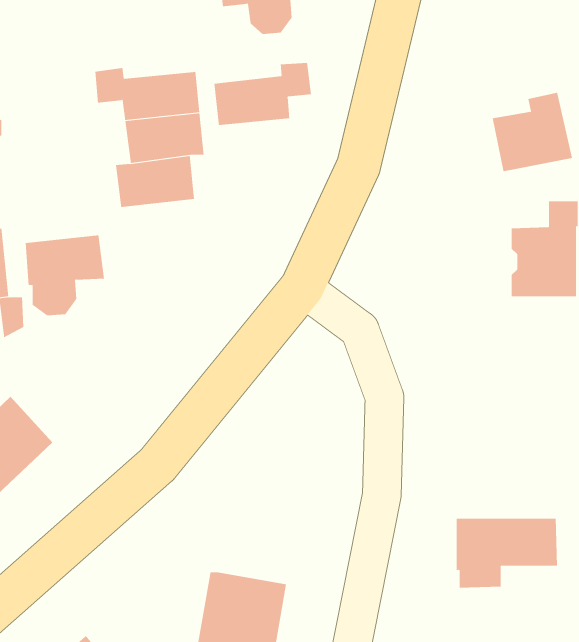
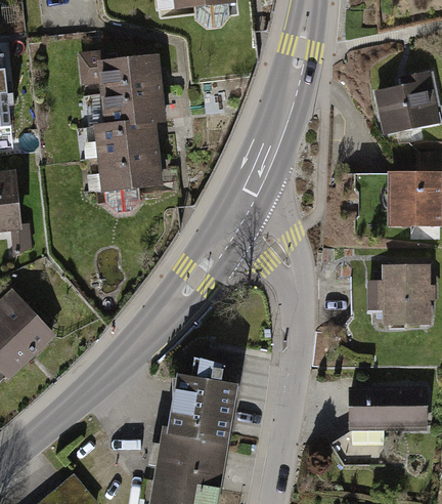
building: [214,62,311,126] -> none
building: [25,235,105,316] -> [100,152,160,212]
building: none -> [369,265,428,322]
building: none -> [172,356,233,438]

